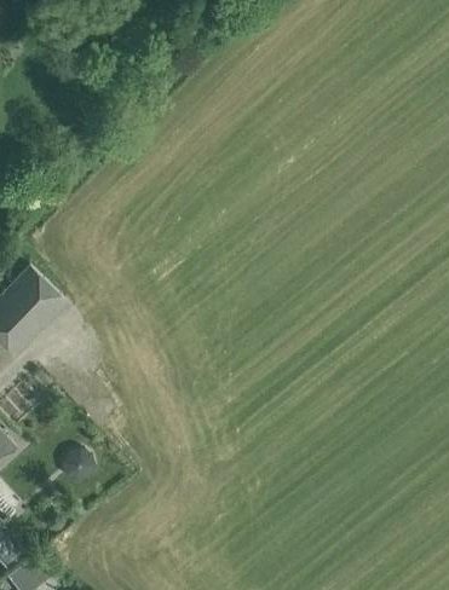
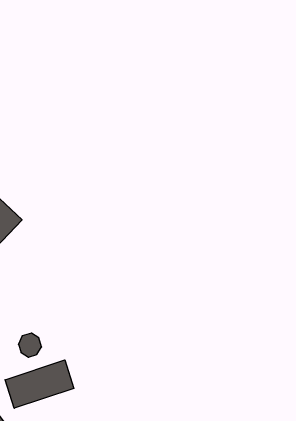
building: none -> [5,360,74,408]

